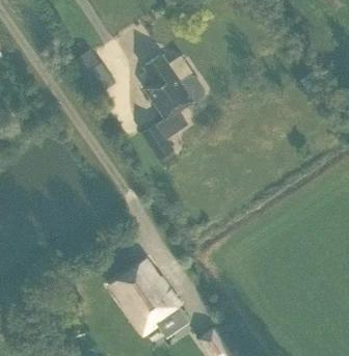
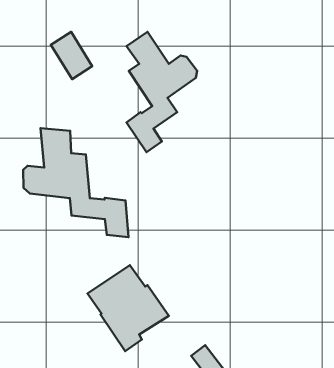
building: none -> [23,128,128,237]

